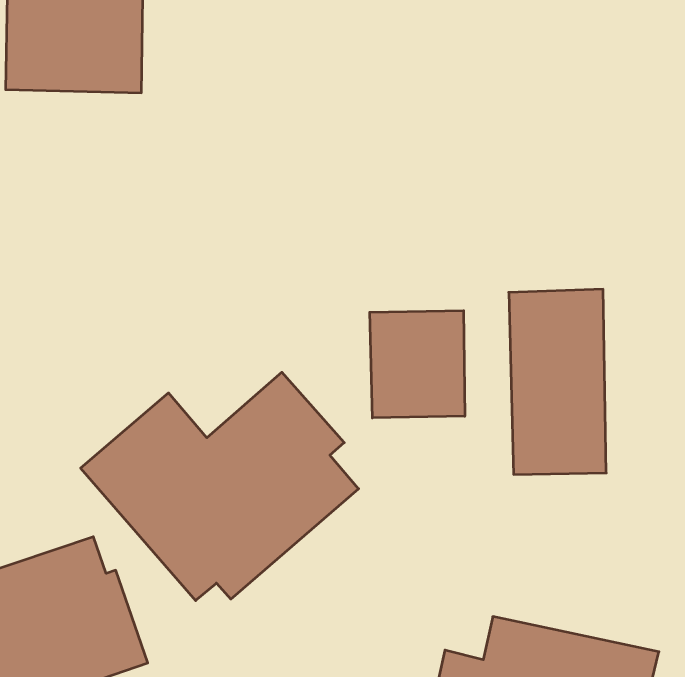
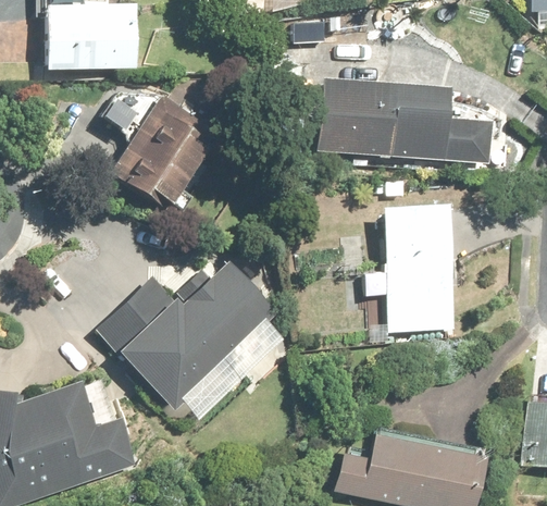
building: none -> [312,75,490,164]
building: none -> [101,94,223,215]
building: [370,311,465,418] -> none

